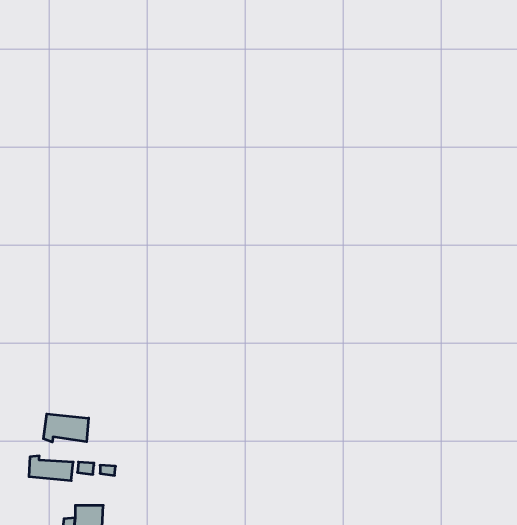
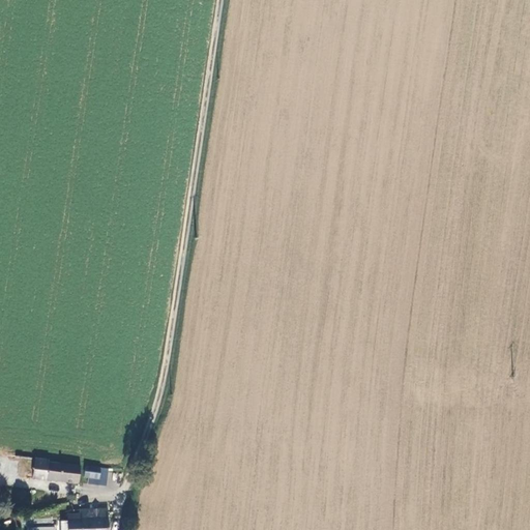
building: [43,414,89,442] -> none

